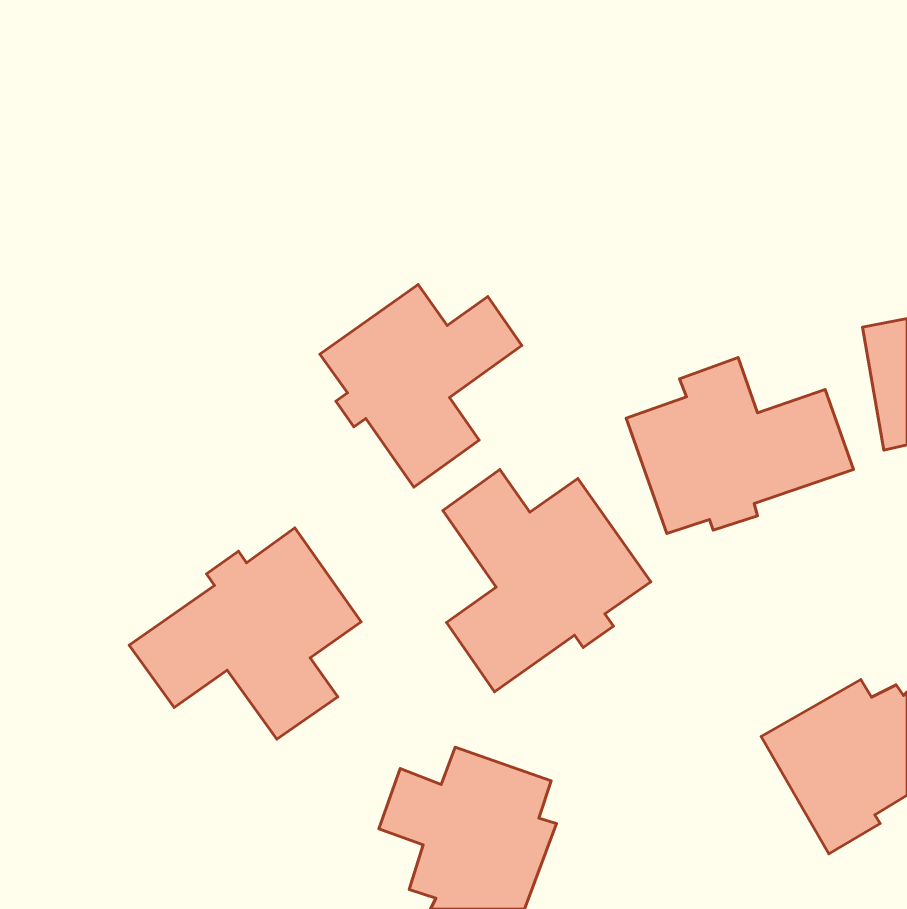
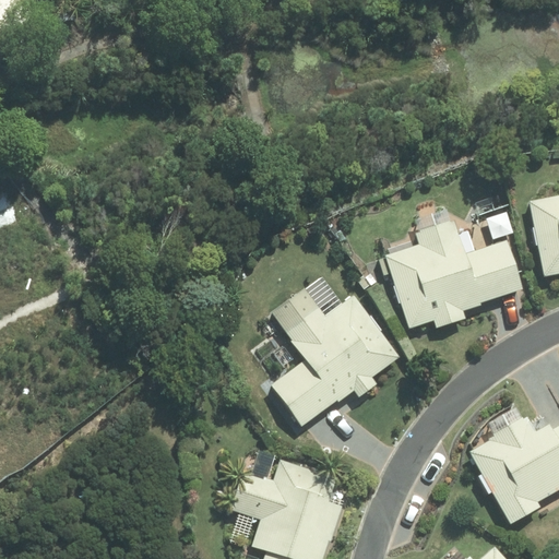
building: [320,285,522,487] -> none
building: [129,528,361,739] -> none

